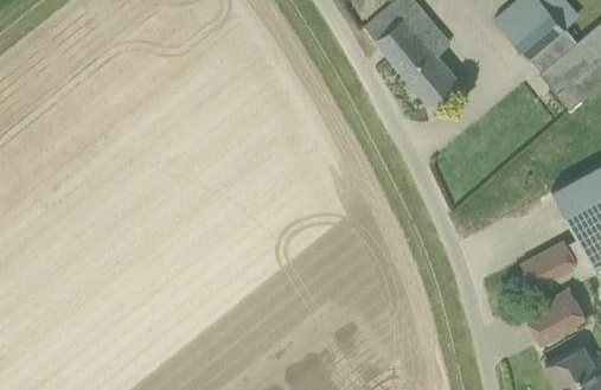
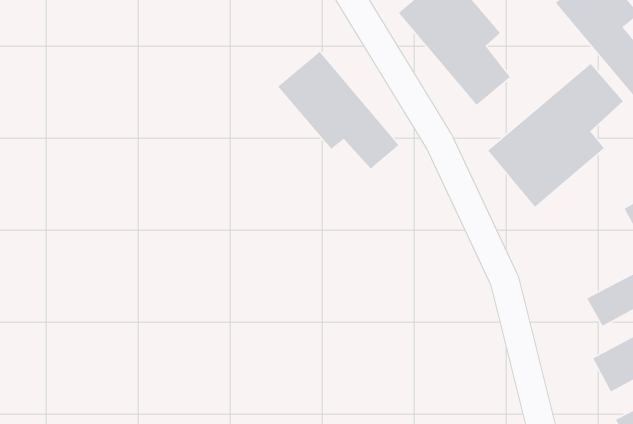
building: none -> [277,51,399,170]
building: none -> [487,63,624,208]

